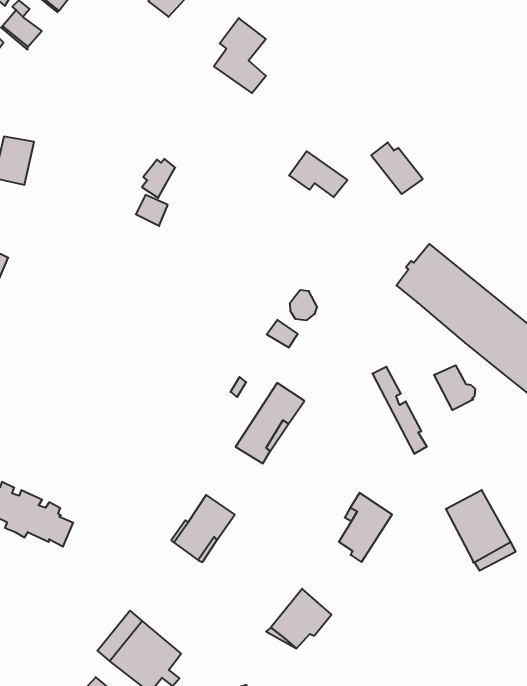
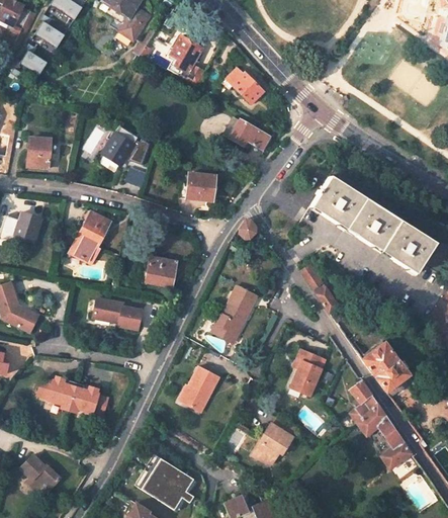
building: none -> [101,126,138,166]
building: [371,142,423,194] -> [226,71,263,105]
building: none -> [178,173,214,201]
building: none -> [69,209,109,263]
building: none -> [136,257,176,288]
building: [434,365,475,410] -> none
building: none -> [92,298,141,330]
building: none -> [348,378,412,469]

